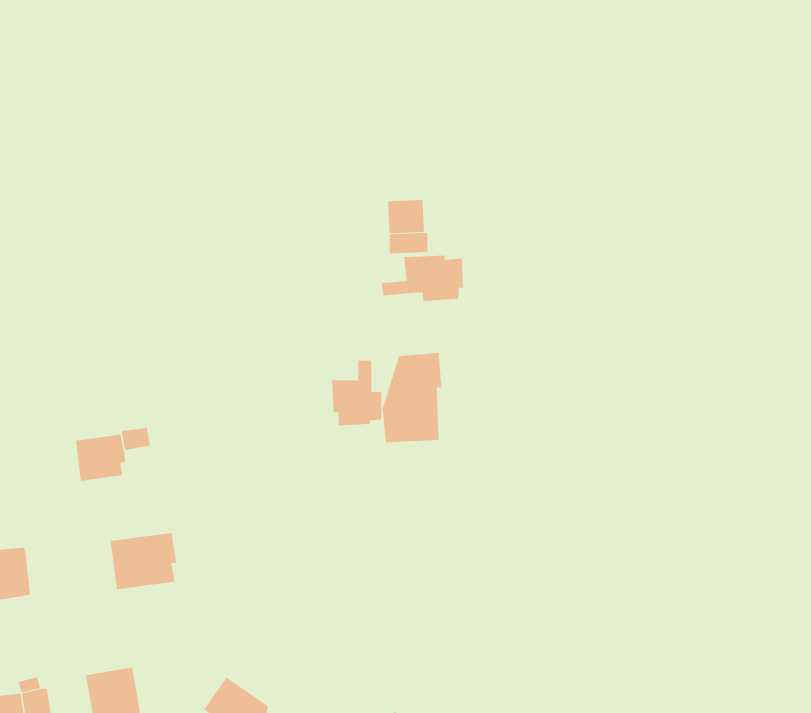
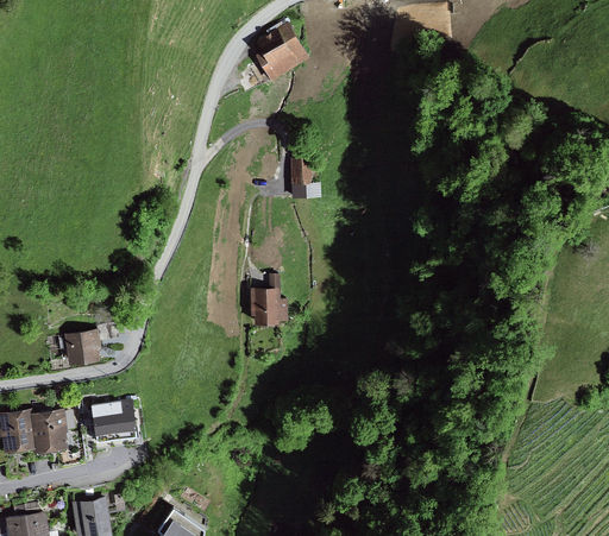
building: none -> [256,24,308,82]
building: [381,255,463,302] -> none
building: [382,352,442,443] -> none
building: none -> [29,410,68,452]

